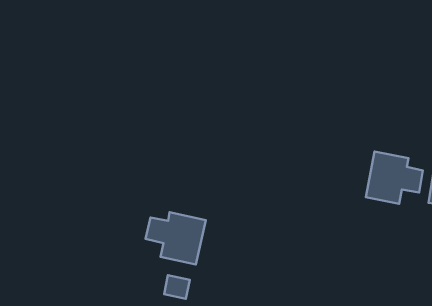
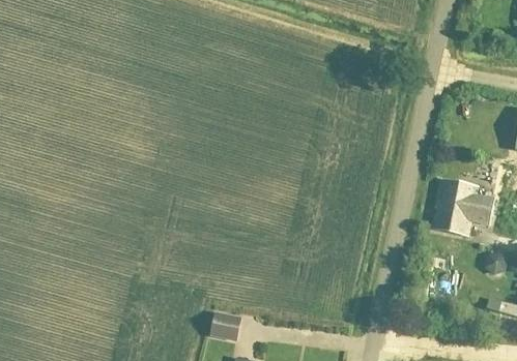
building: [146,212,206,264] -> none

